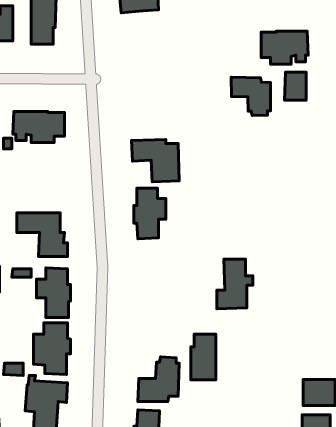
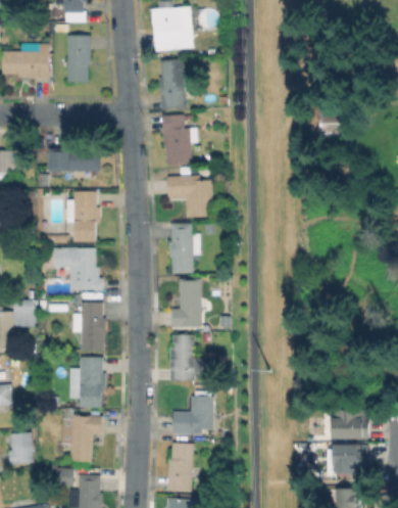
building: none -> [159,58,193,110]
building: [261,31,308,64] -> none
building: none -> [161,113,198,165]
building: [231,77,271,116] -> none
building: none -> [66,191,100,242]
building: [217,259,253,309] -> [171,279,207,328]
building: [191,334,216,380] -> [169,334,194,379]

